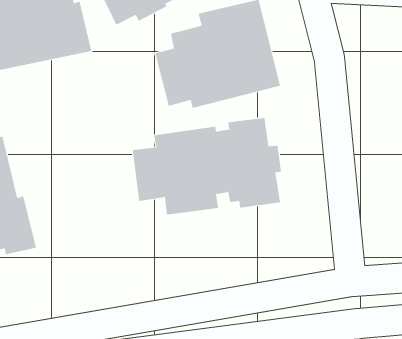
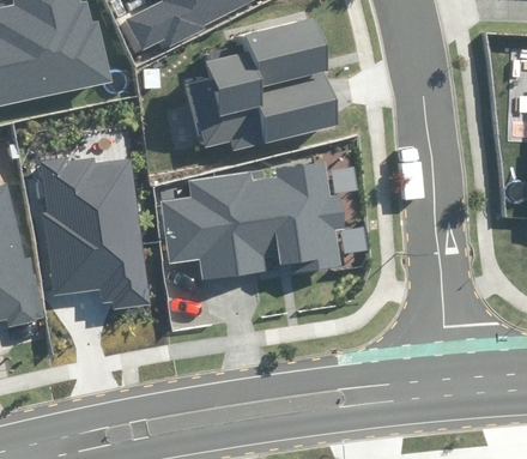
building: none -> [41,158,152,309]

